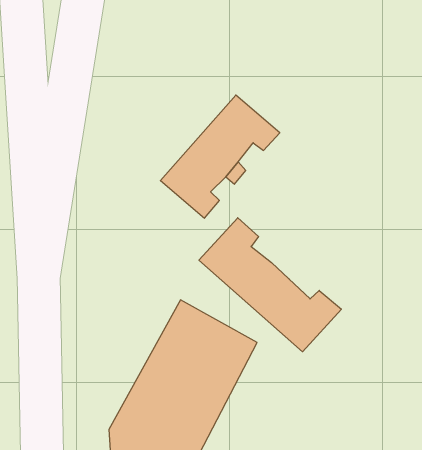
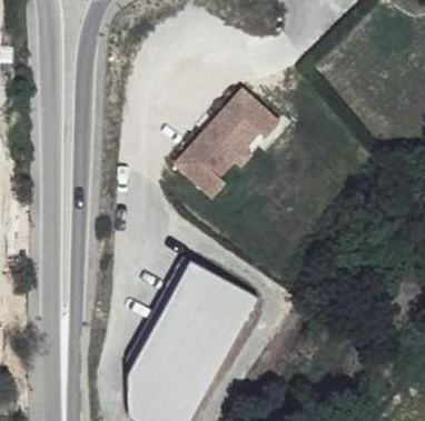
building: [199,218,341,352] -> none

